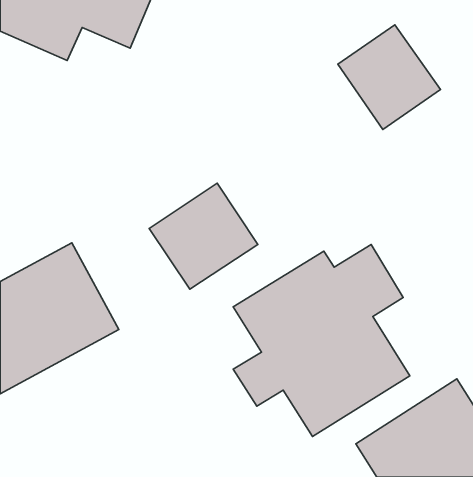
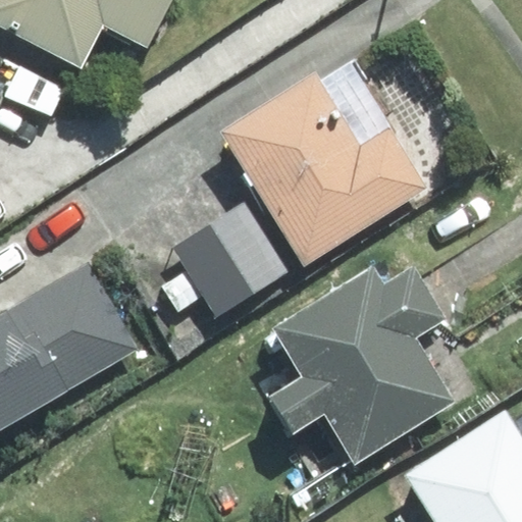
building: [338,25,440,130] -> none
building: none -> [221,77,427,266]

